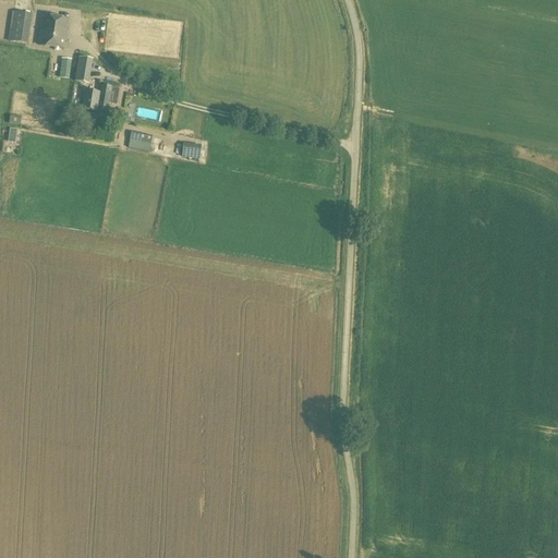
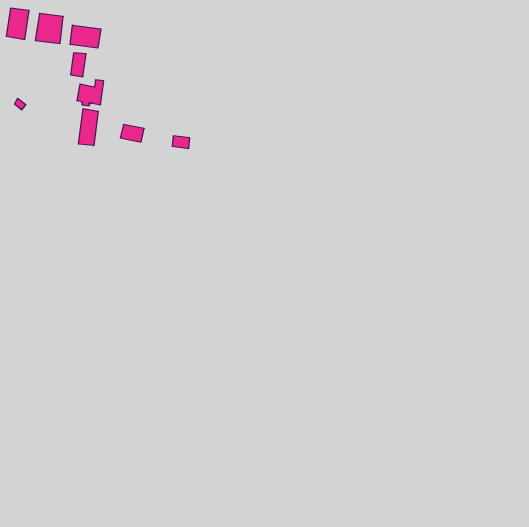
building: none -> [70,25,101,48]
building: none -> [79,109,98,146]

